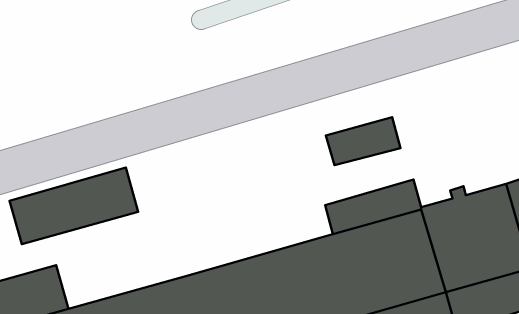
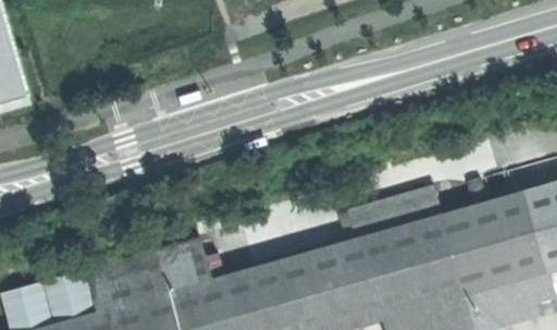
building: [326,117,400,165] -> none
building: [10,167,138,244] -> [86,237,211,313]

